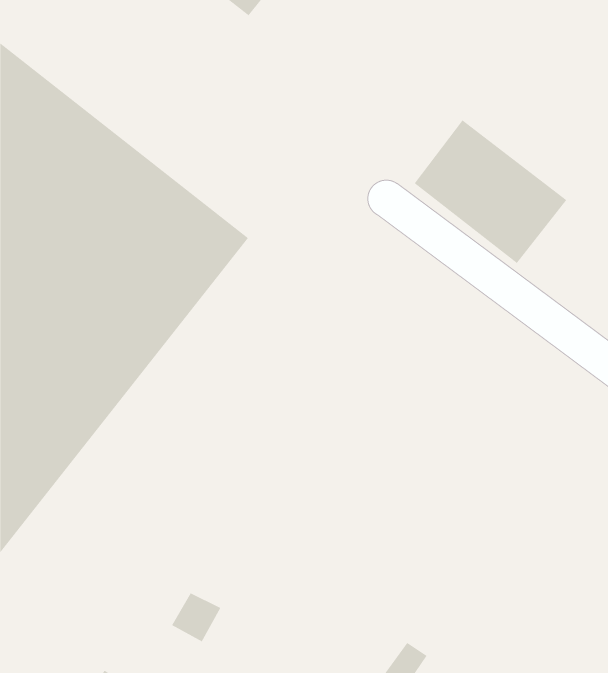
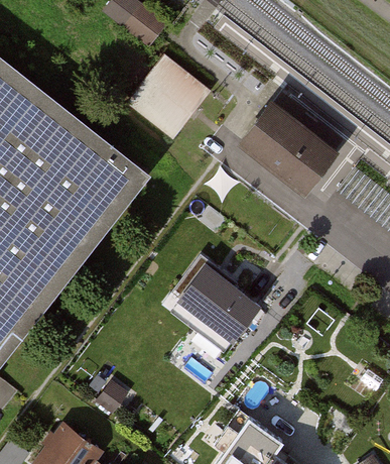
building: none -> [123,54,204,136]
building: none -> [186,262,270,343]

